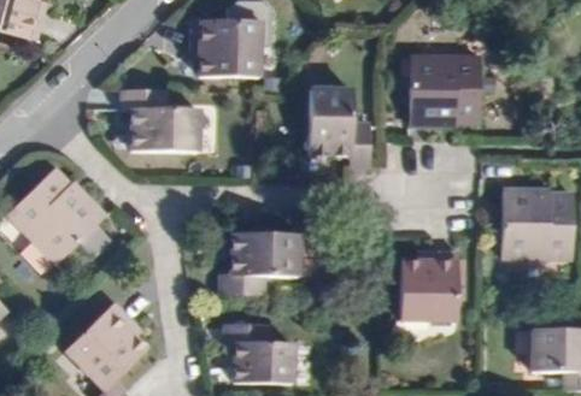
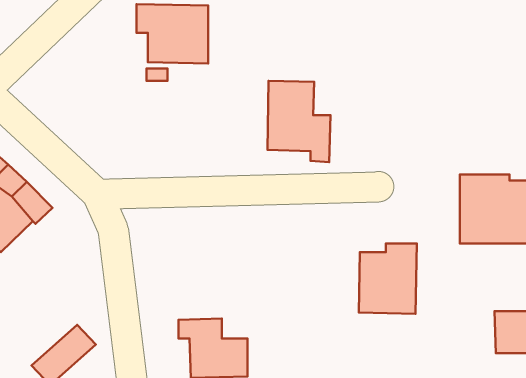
building: [411,55,483,126] -> none
building: [117,90,194,152] -> none
building: [223,234,300,292] -> none
building: [63,301,133,368] -> none

